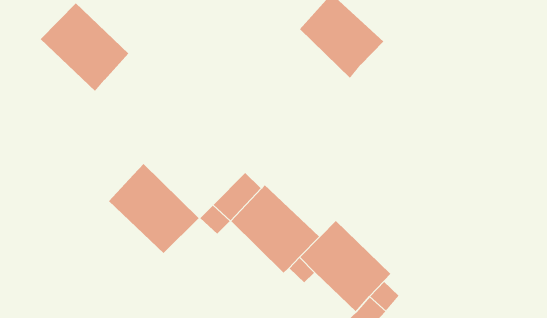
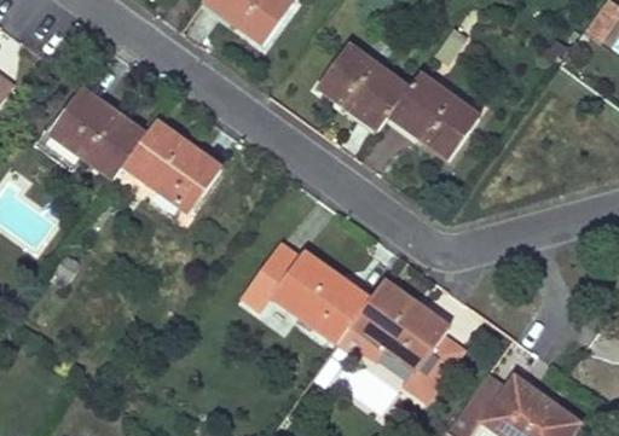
building: none -> [388,72,479,157]
building: [108,163,200,254] -> [122,121,220,213]

